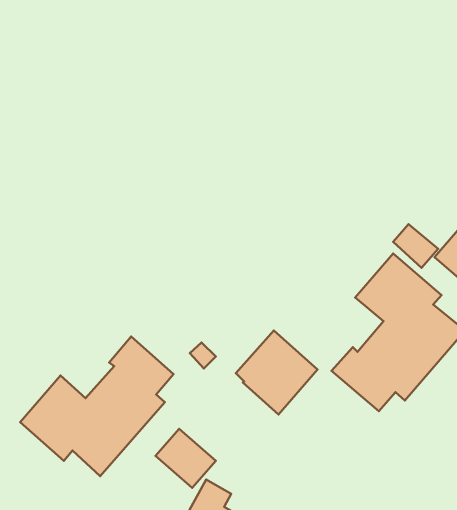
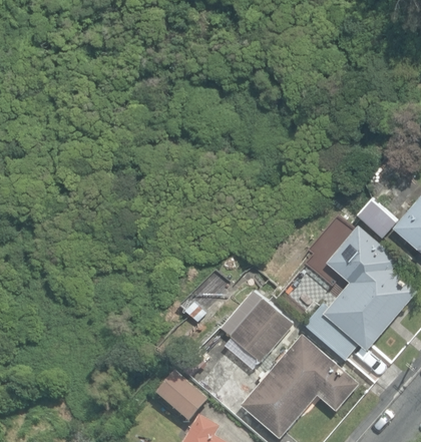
building: [20,336,174,476] -> none
building: none -> [243,333,359,435]

